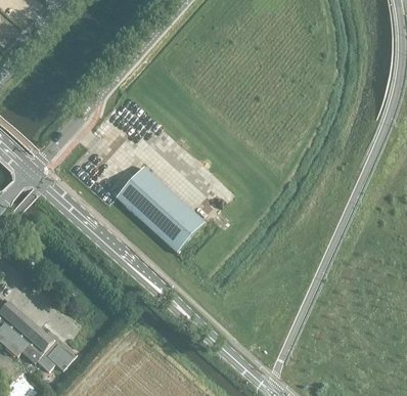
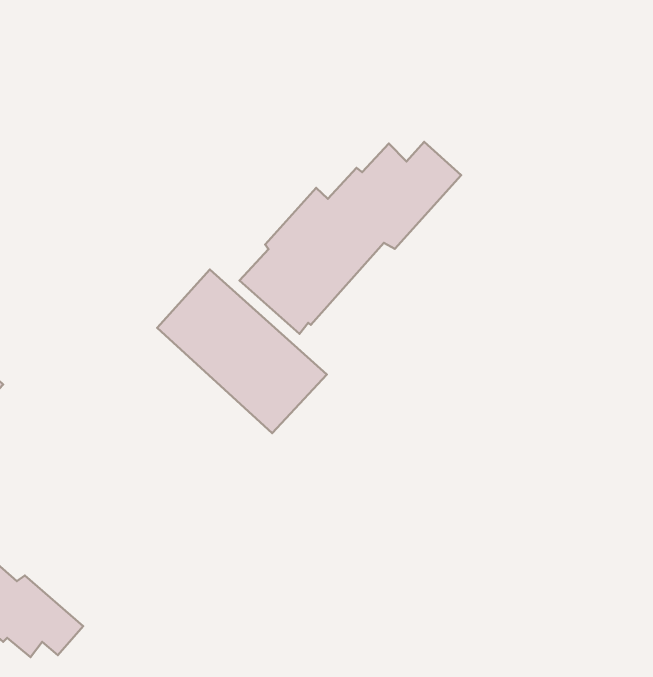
building: none -> [240,142,461,334]

